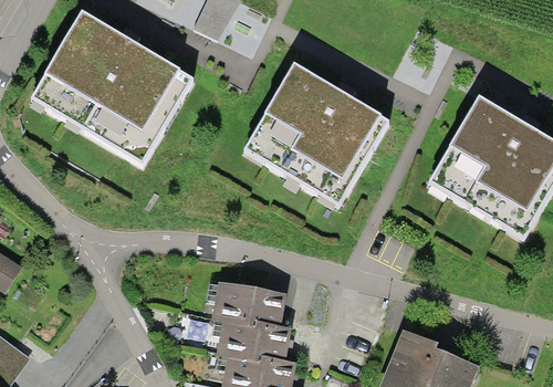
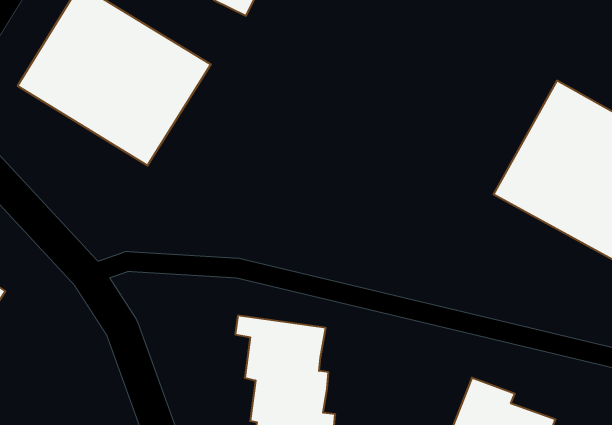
building: [243,62,389,203] -> none

